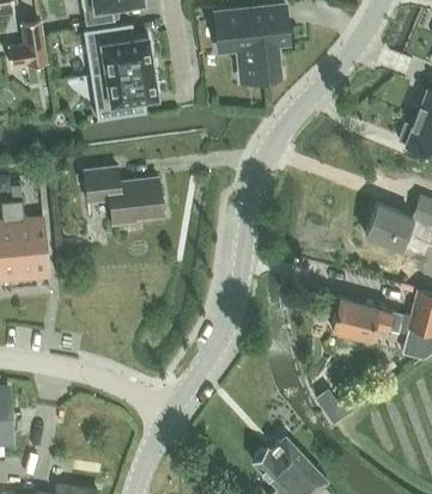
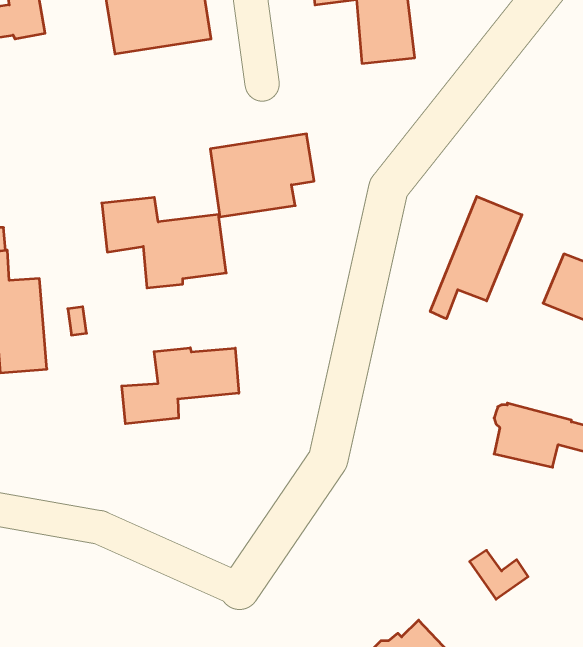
building: [92,67,158,120] -> [210,134,314,217]
building: none -> [430,196,522,319]
building: none -> [122,348,239,424]

